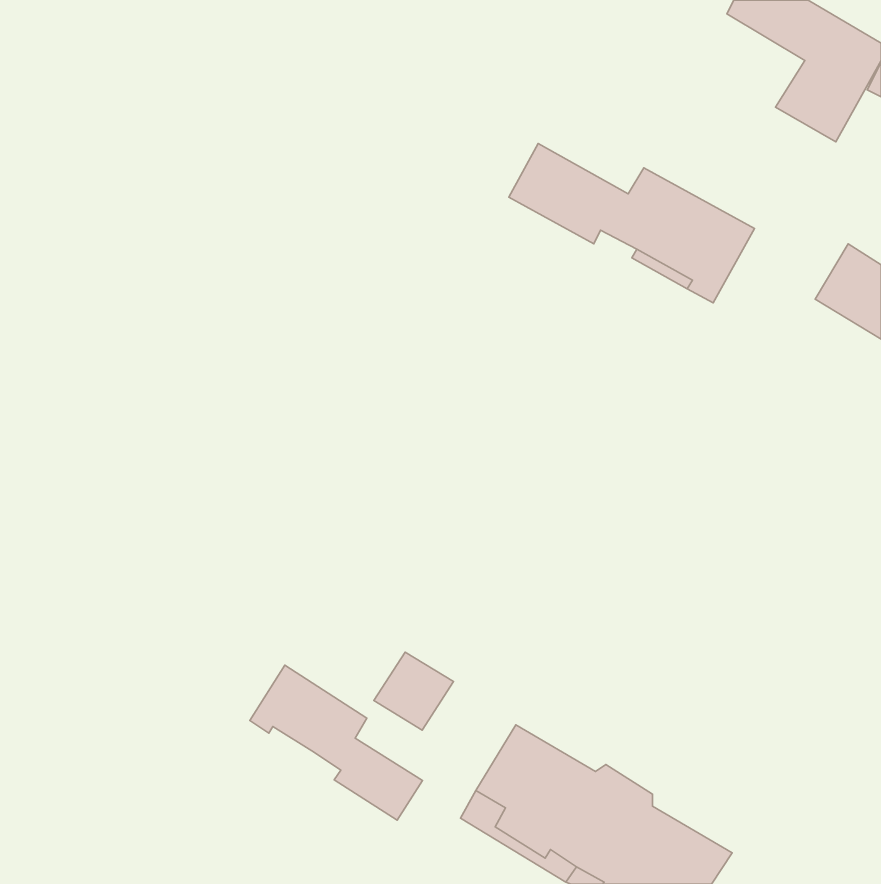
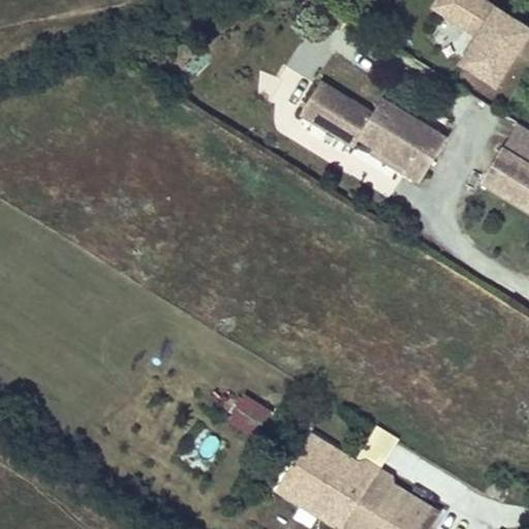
building: [250,665,422,820] -> none

